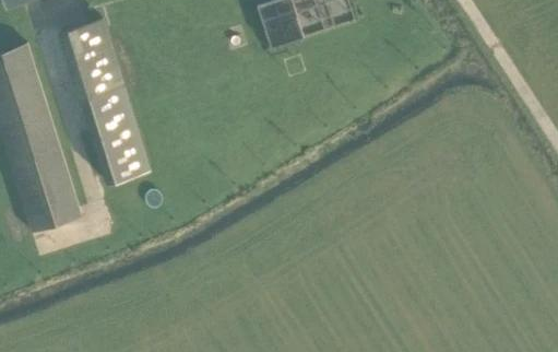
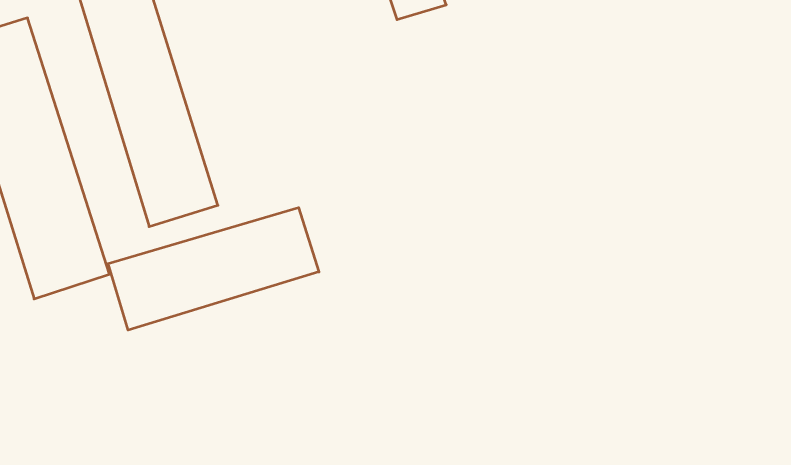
building: none -> [108,208,319,330]

